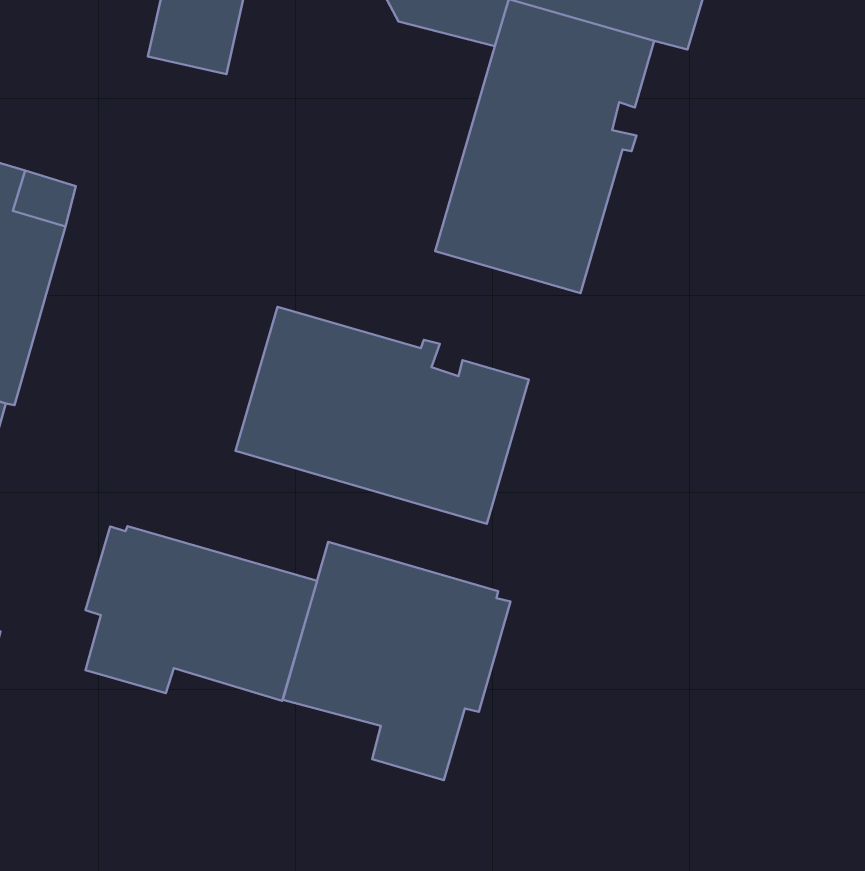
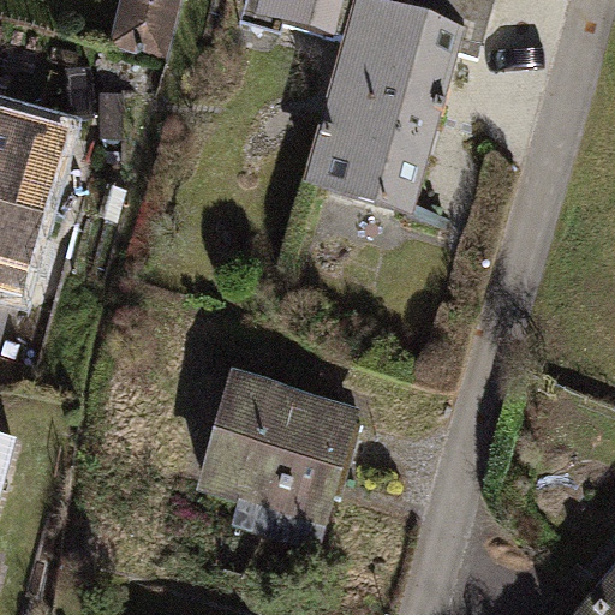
building: [235,307,529,524] -> none
building: [85,526,317,701] -> none

